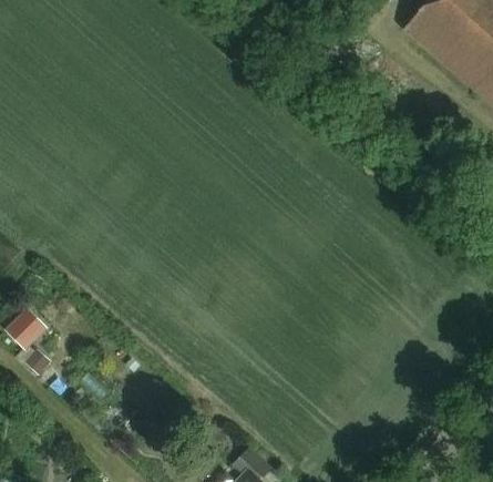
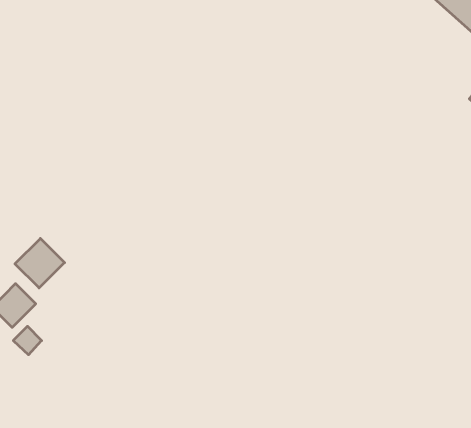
building: none -> [15,238,65,288]

